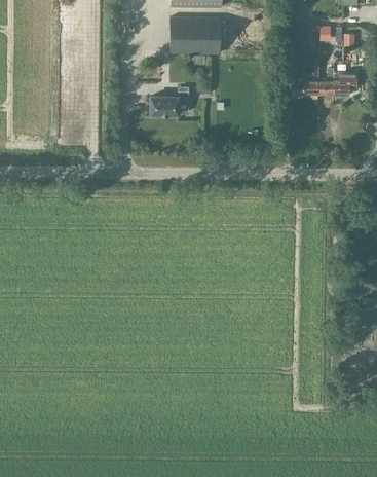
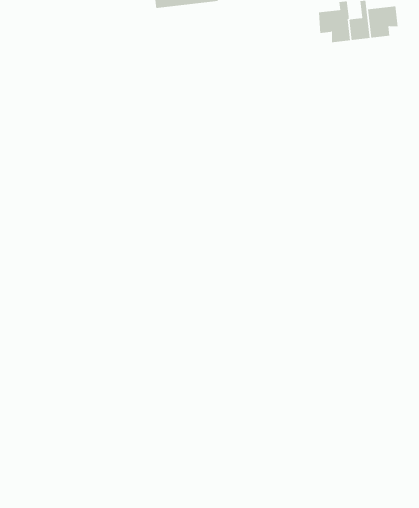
building: [152,87,190,115] -> none

